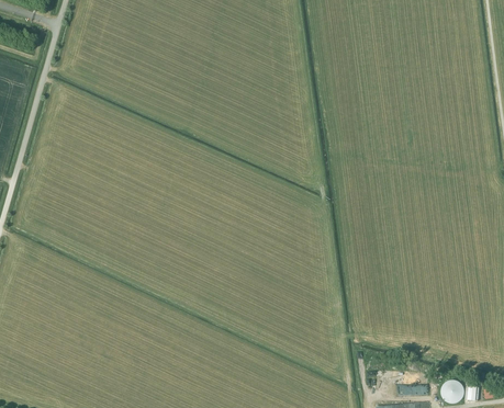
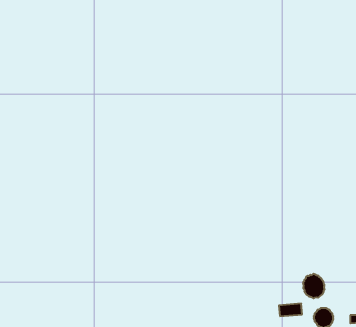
building: none -> [303,274,324,298]

